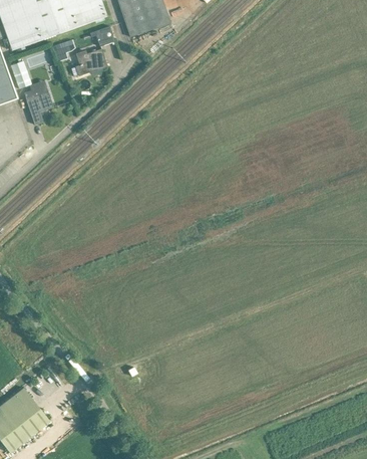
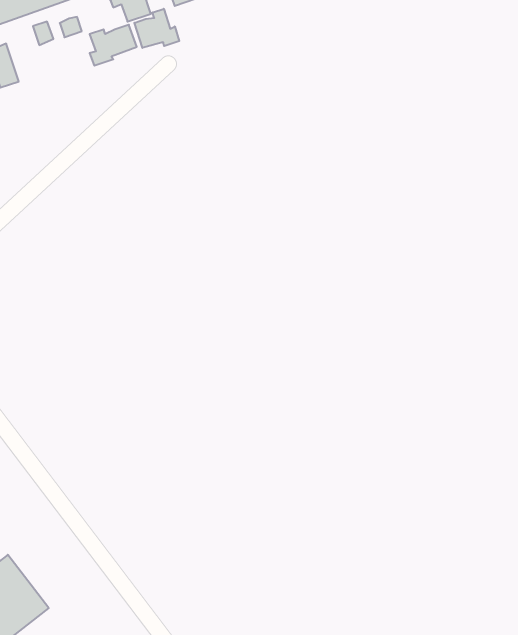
building: none -> [134,9,179,48]
building: [24,84,53,125] -> none

